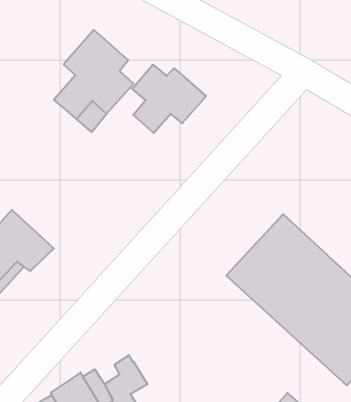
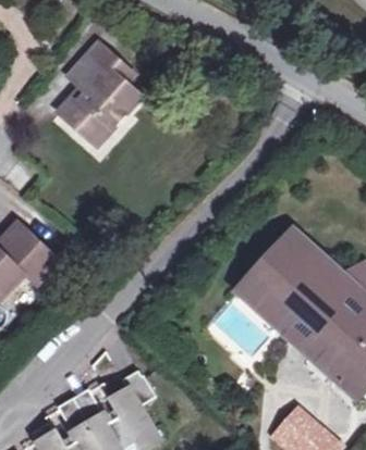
building: [132,65,206,133] -> none

